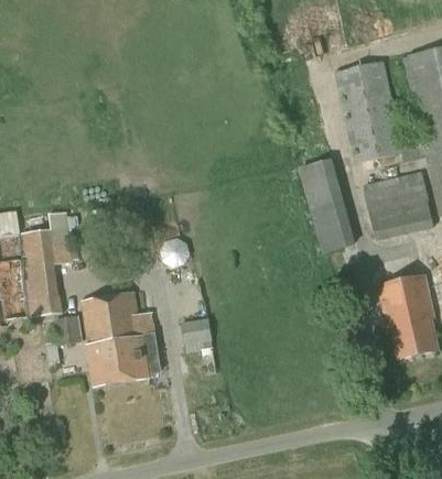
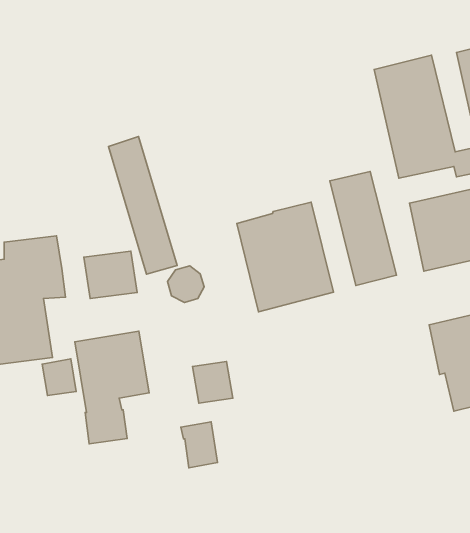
building: none -> [108,136,177,274]
building: none -> [237,202,334,312]
building: none -> [84,251,137,299]
building: [119,342,150,381] -> [181,422,218,468]

